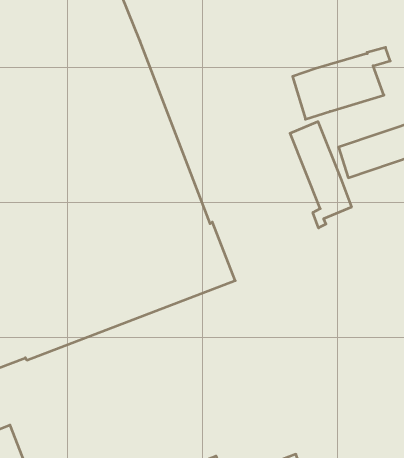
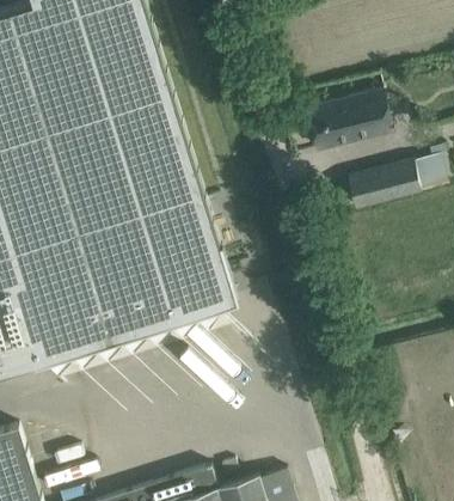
building: [290,122,351,228] -> none

